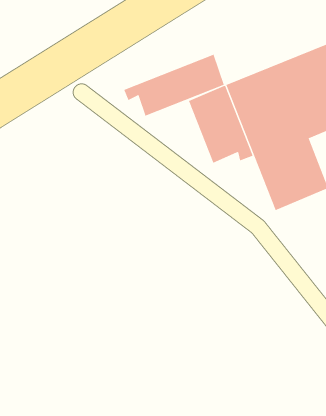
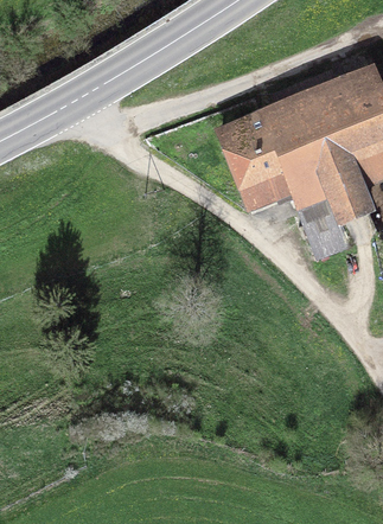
building: [124,54,225,116] -> none

